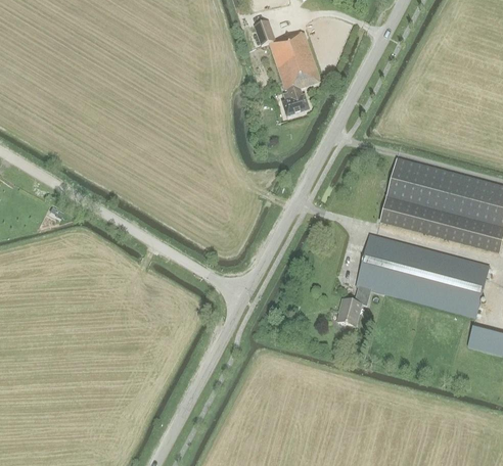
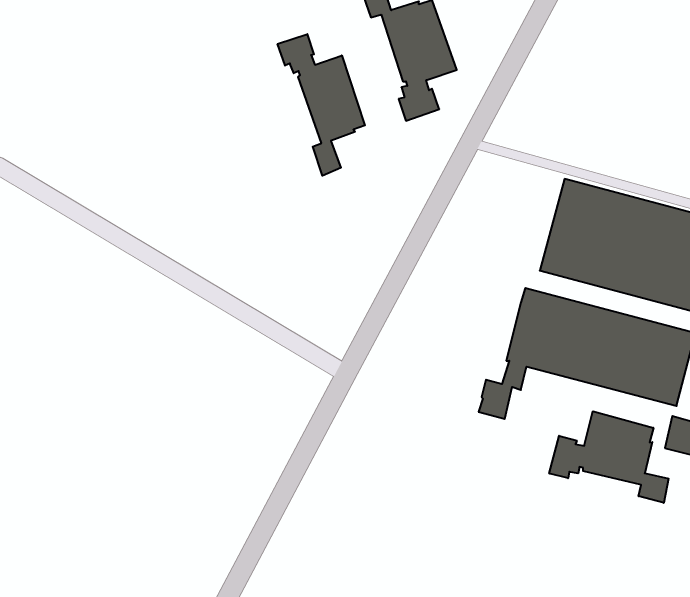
building: none -> [278,34,365,176]
building: none -> [549,411,669,503]

